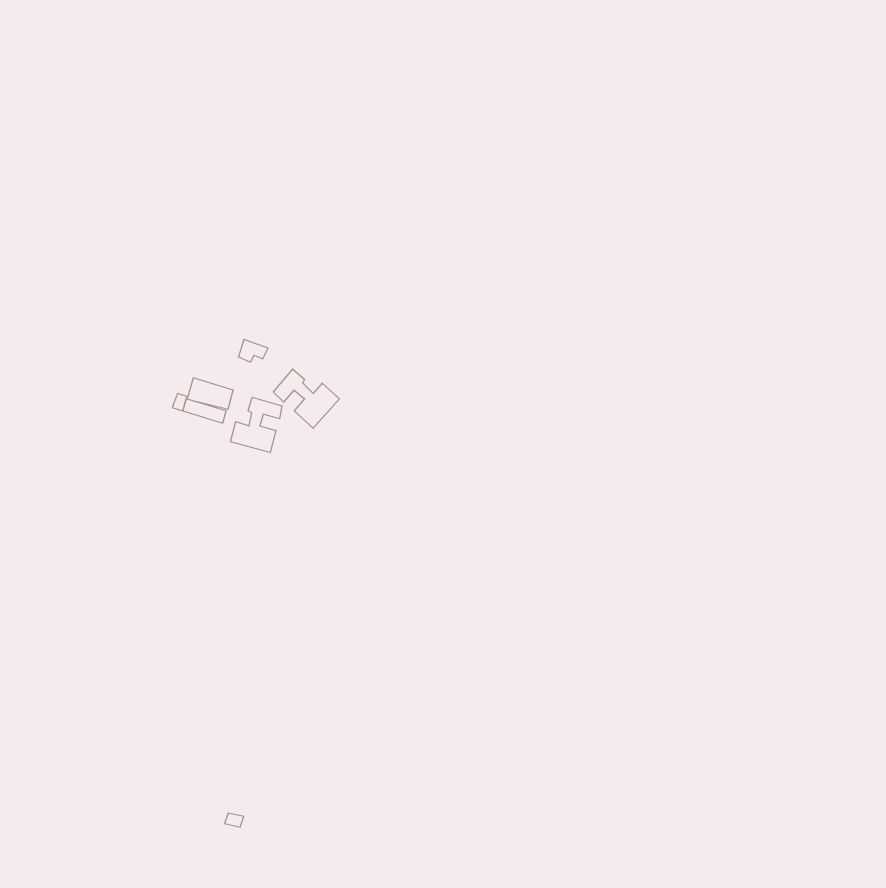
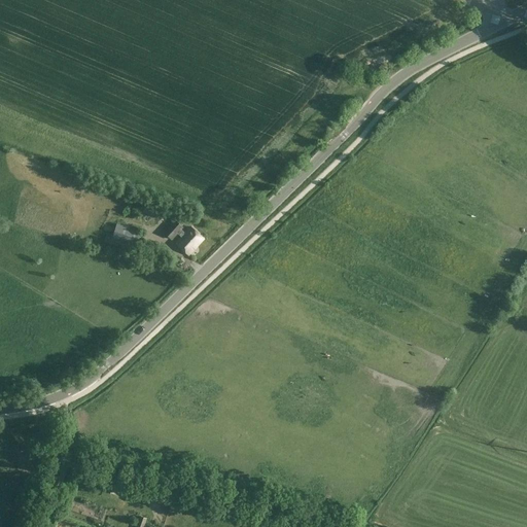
building: [230,397,282,453] -> none

